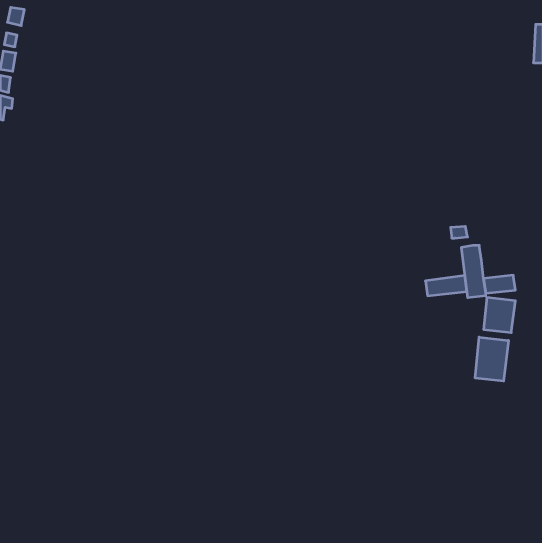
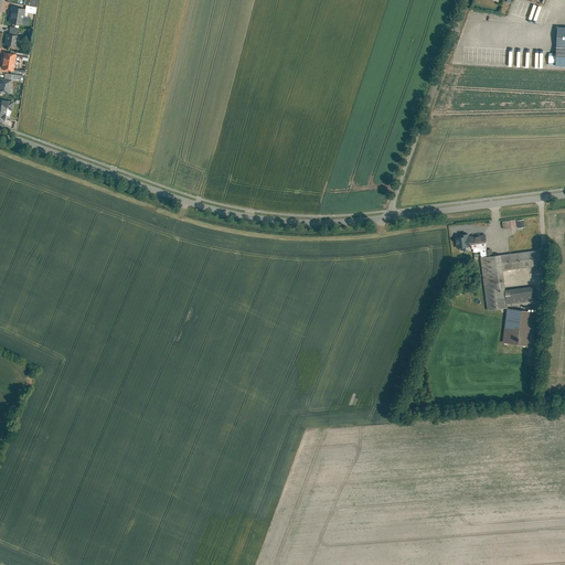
building: [425,276,467,296] -> [499,249,542,270]
building: [475,337,508,381] -> none

